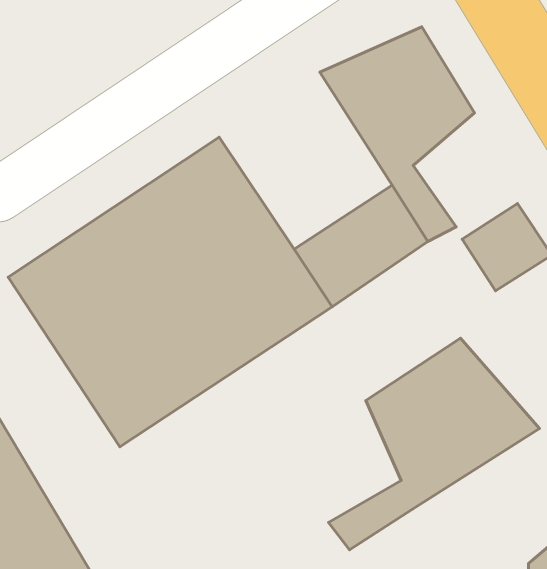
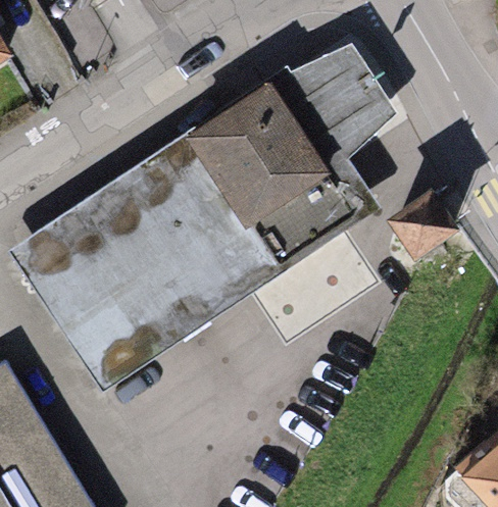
building: none -> [185,79,329,225]
building: [329,338,540,550] -> none

